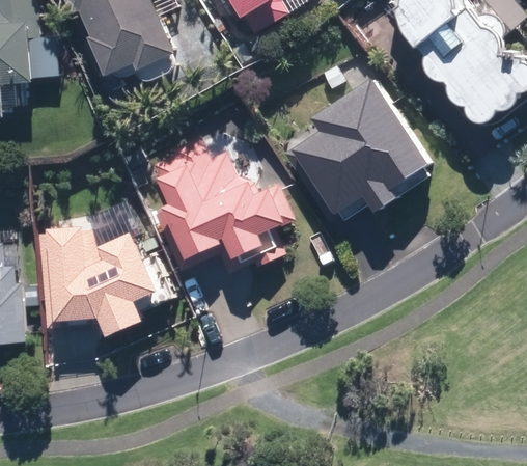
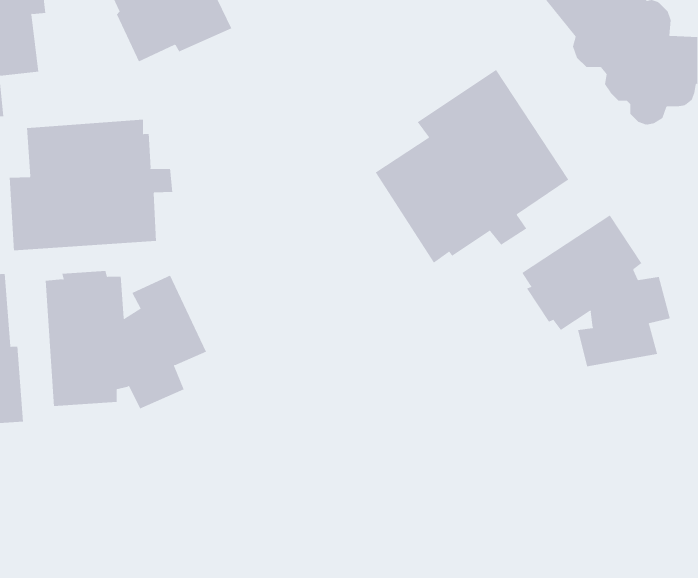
building: none -> [9,119,173,251]
building: [151,138,290,274] -> none
building: none -> [522,214,671,367]

